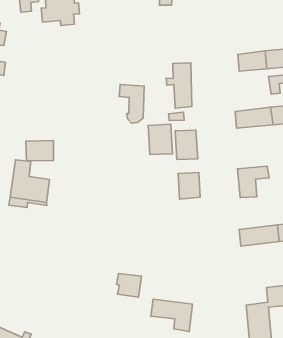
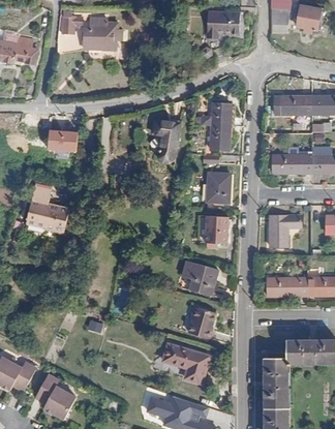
building: [148,124,172,155] -> none
building: [26,141,54,161] -> [47,129,77,152]
building: none -> [183,262,217,295]
building: [116,273,142,297] -> [187,305,214,332]

